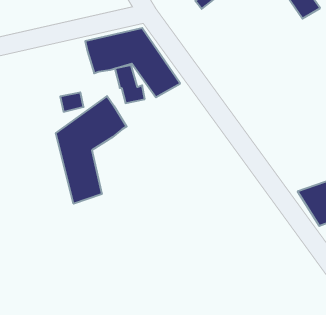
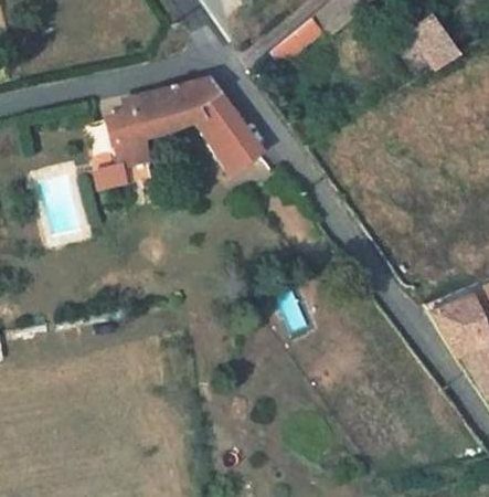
building: [115,65,145,103] -> [113,110,153,162]
building: [56,96,127,204] -> none

